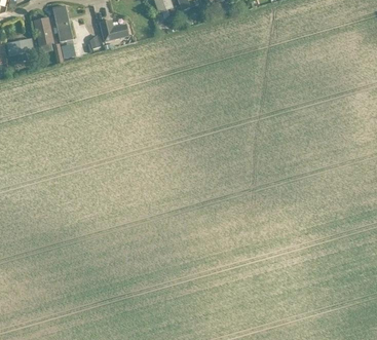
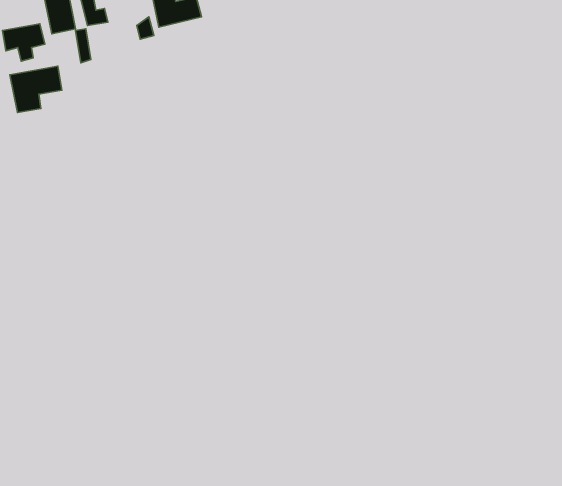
building: none -> [10,66,62,112]

